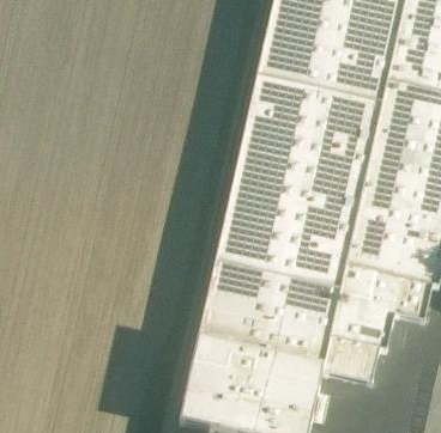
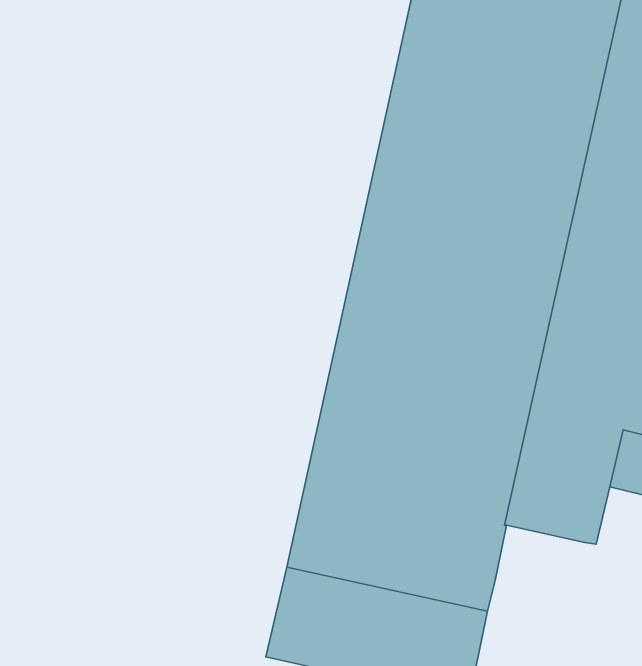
building: [322,340,379,385] -> none

